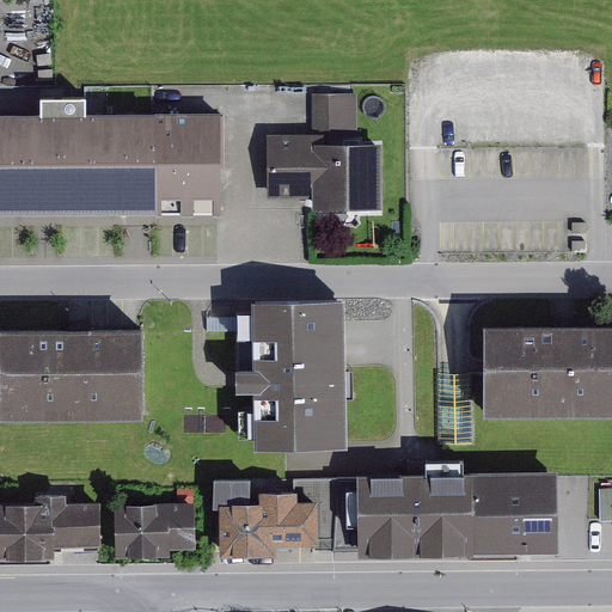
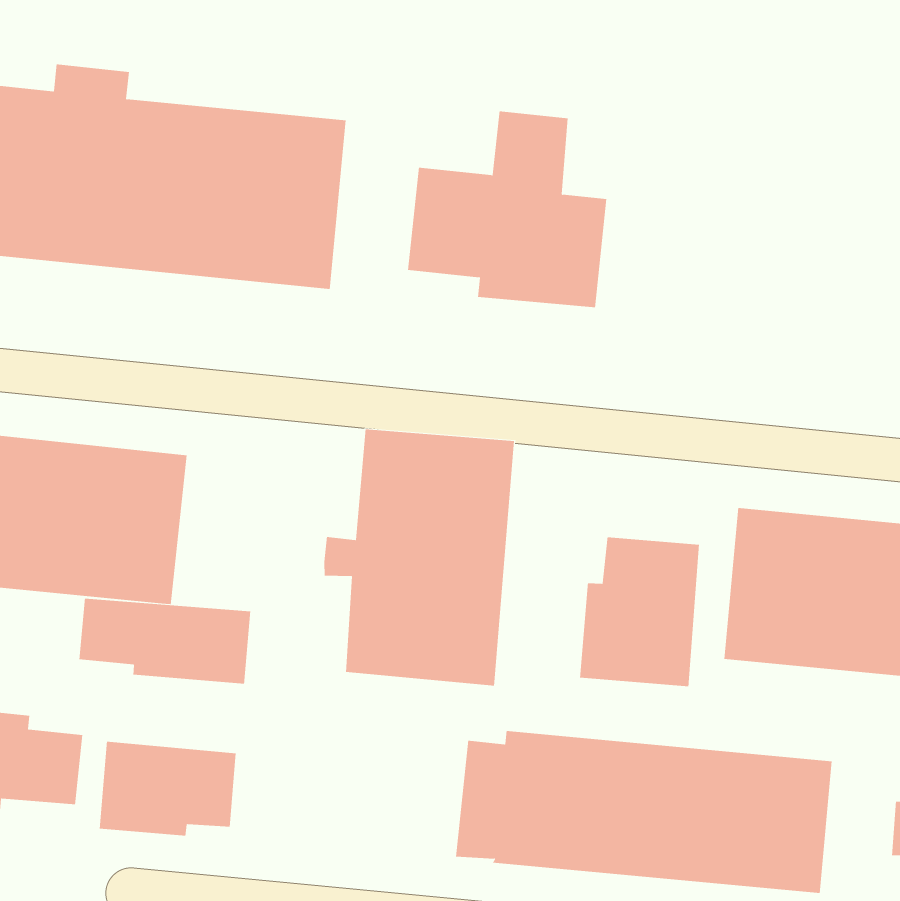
building: none -> [580,536,699,687]
building: none -> [79,598,251,684]
building: [213,481,333,558] -> none

